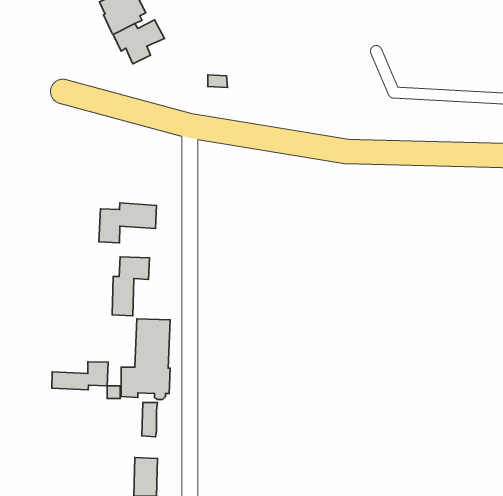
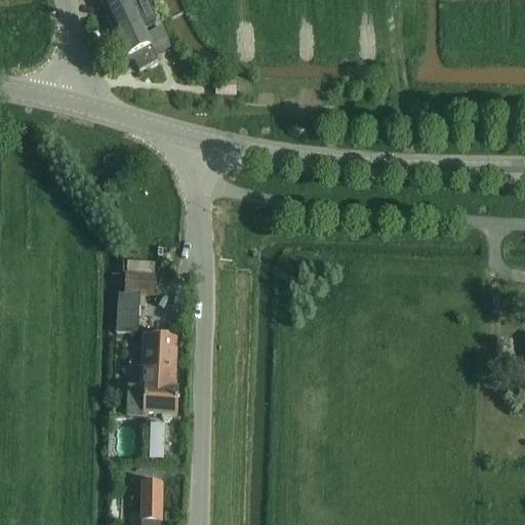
building: [99,203,157,243] -> none
building: [52,362,108,390] -> none

